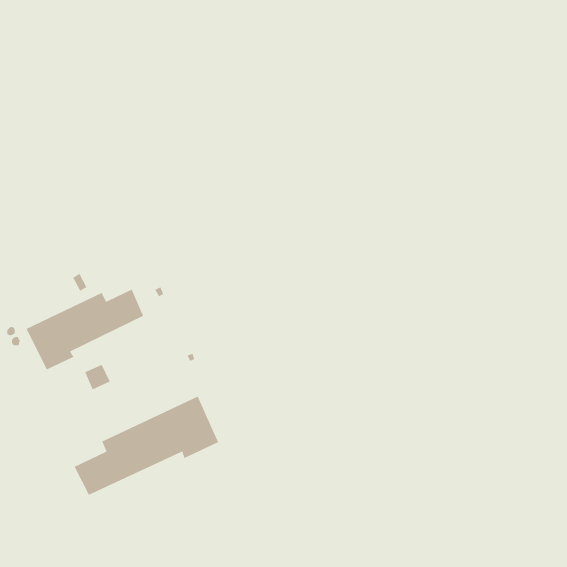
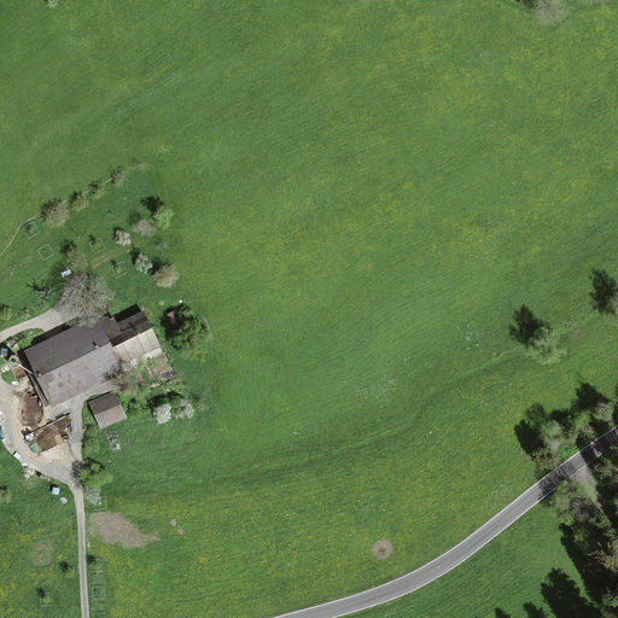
building: [73,396,219,496] -> none

